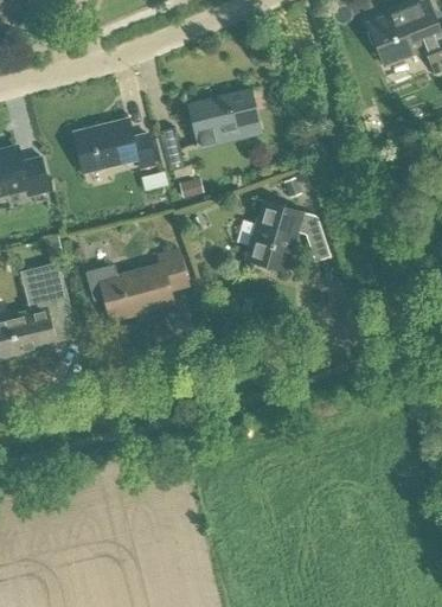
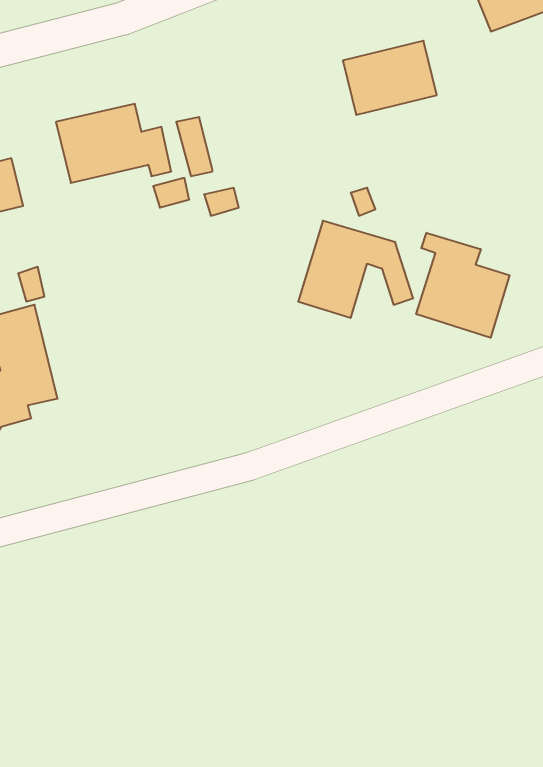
building: [188,91,256,145] -> [343,41,437,115]
building: none -> [416,233,510,338]
building: [85,250,187,319] -> none

